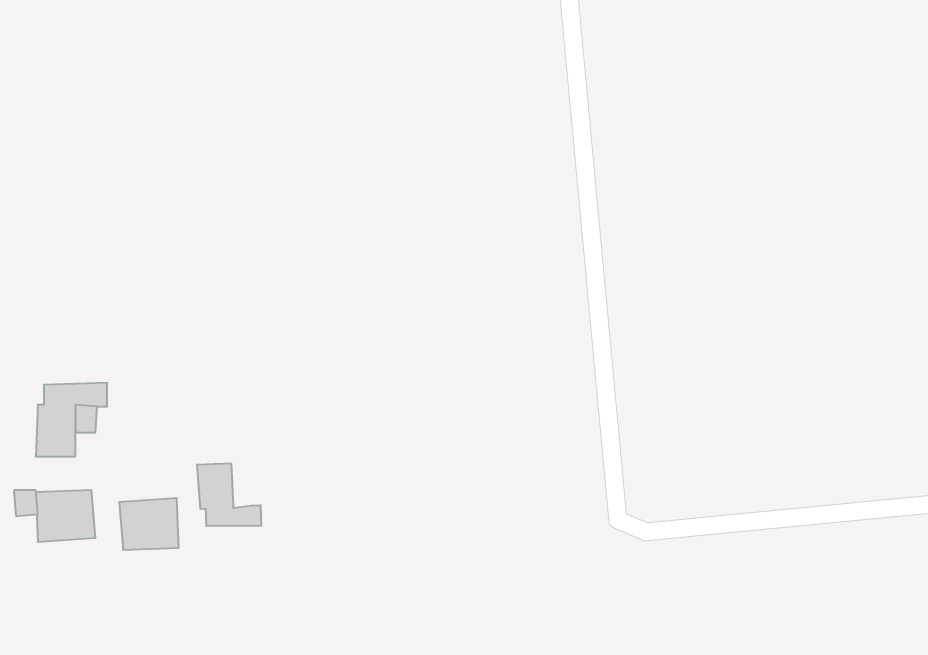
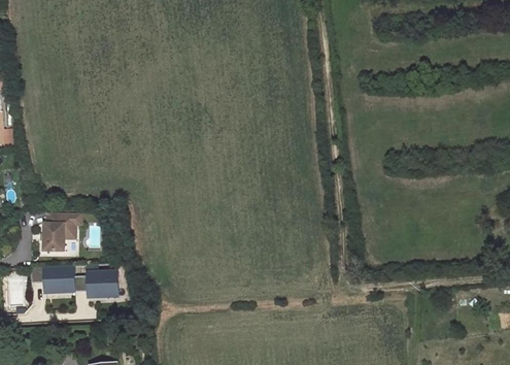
building: [197,463,261,526] -> none

